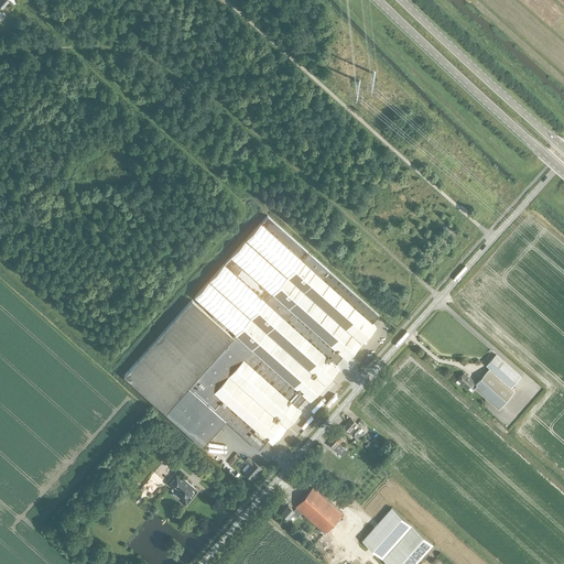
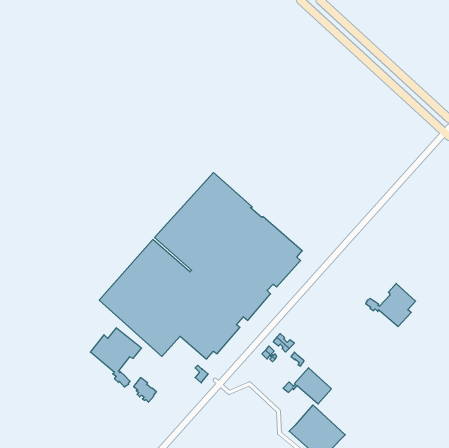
building: none -> [90,328,142,387]
building: [281,489,341,534] -> [283,368,331,404]

